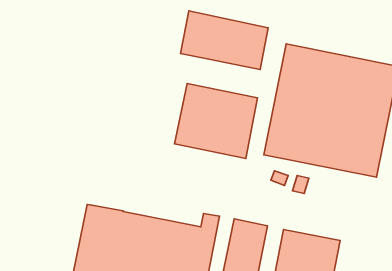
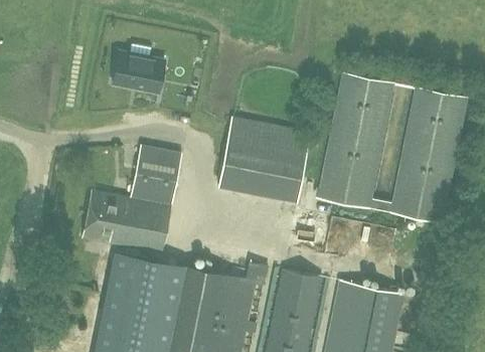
building: [180,11,268,70] -> none
building: none -> [112,52,164,94]
building: none -> [80,148,182,260]

